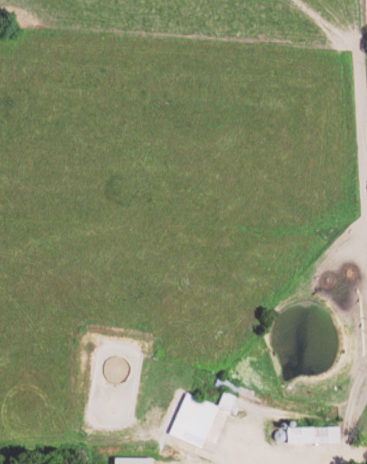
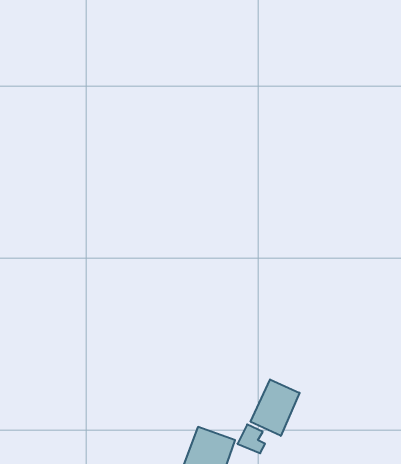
building: none -> [251,379,300,436]

